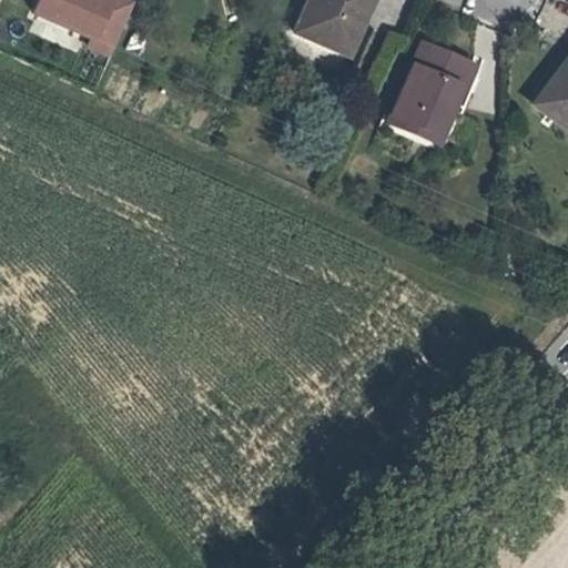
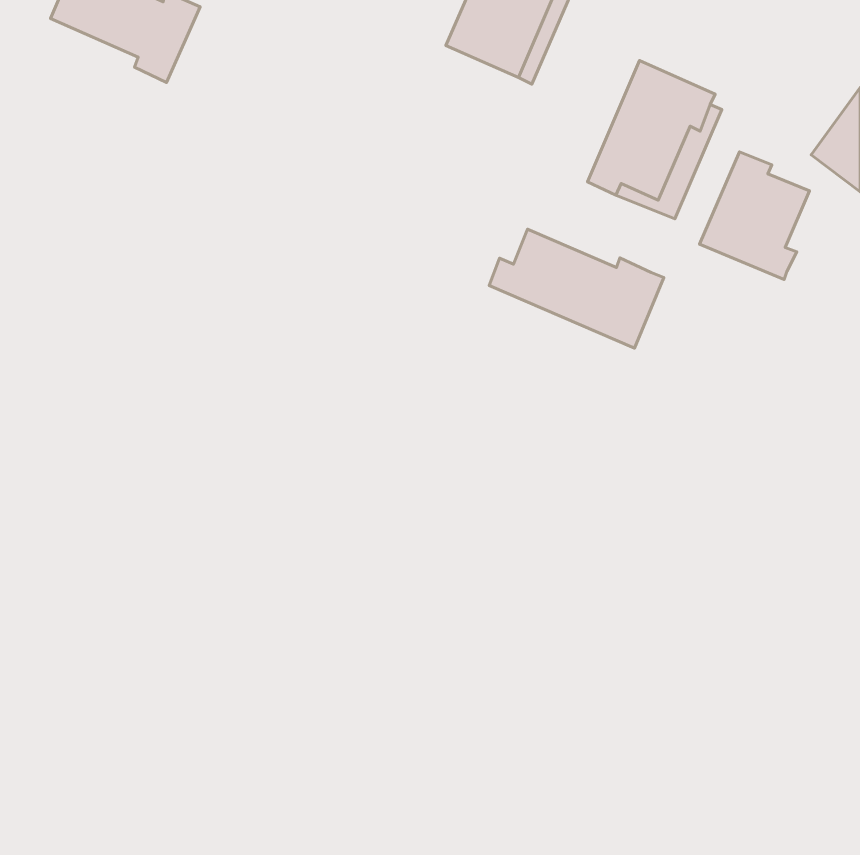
building: none -> [700,152,809,280]
building: none -> [489,229,664,348]

